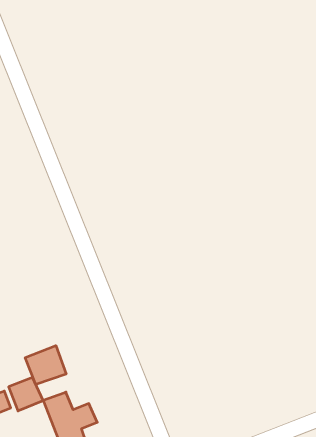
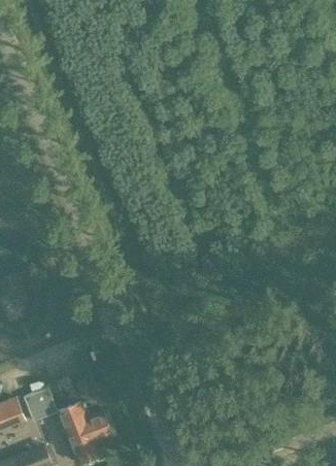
building: [25,346,66,384] -> none

